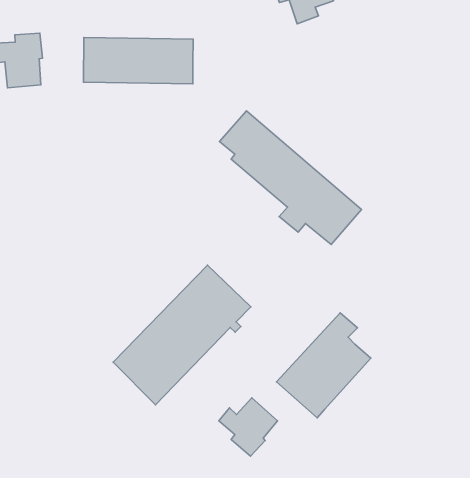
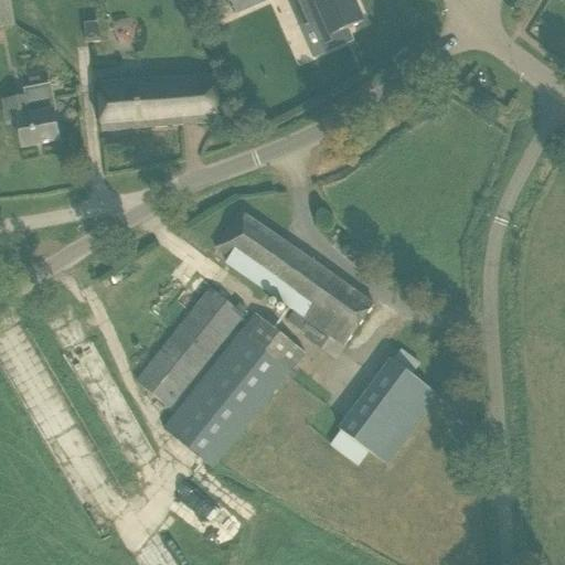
building: [220,111,362,245] -> [215,210,374,343]
building: none -> [137,286,244,406]
building: [219,398,277,456] -> none

